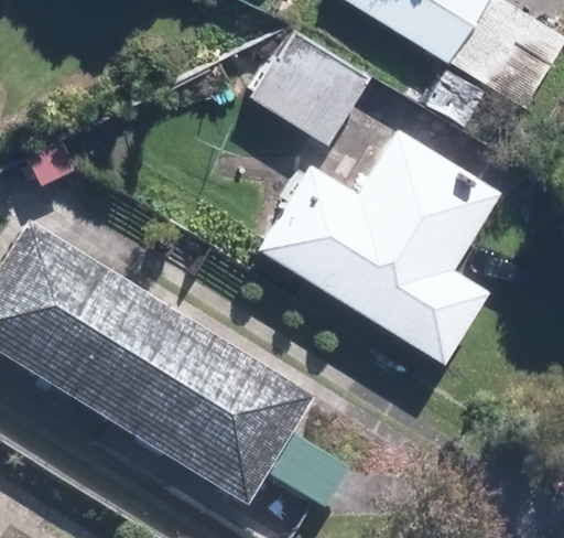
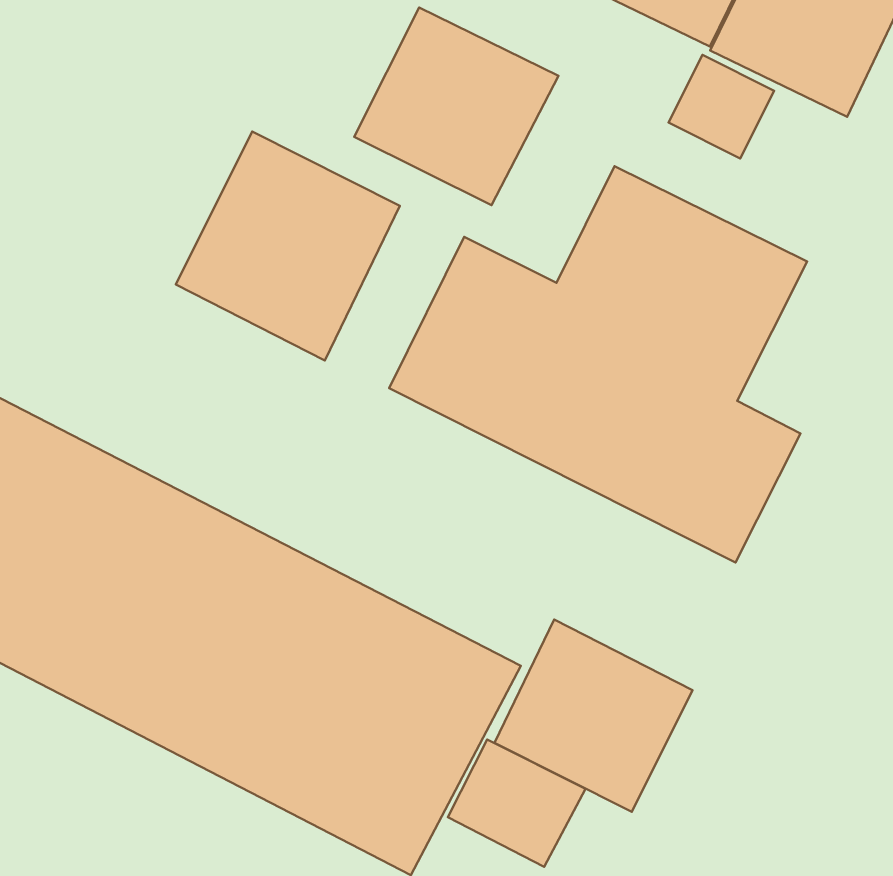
building: none -> [176,131,400,361]
building: none -> [495,620,692,812]

